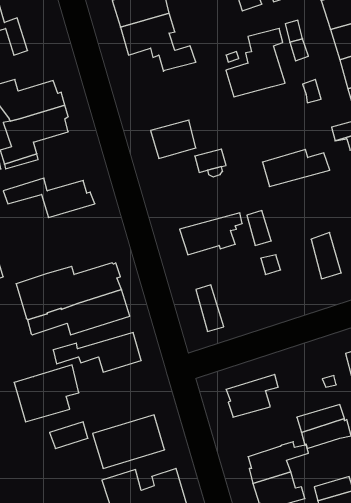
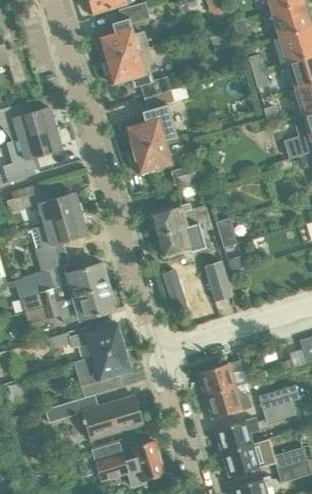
building: [226,28,285,97] -> [125,90,176,149]
building: [262,149,330,187] -> [151,202,209,234]
building: none -> [30,212,87,272]
building: [311,232,341,279] -> [205,261,231,301]
building: [14,365,79,422] -> [74,347,130,396]
building: none -> [203,387,250,418]

